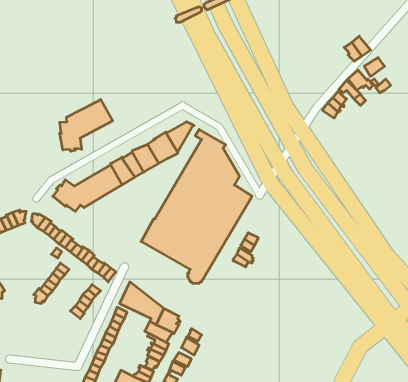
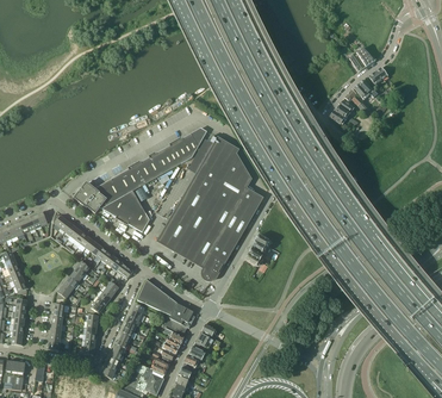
building: [60,99,113,151] -> none
building: none -> [104,191,149,231]

